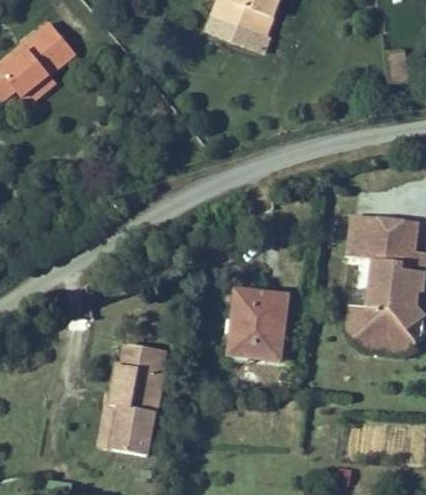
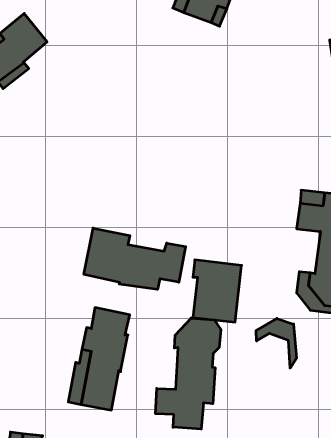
building: none -> [84,228,186,289]
building: none -> [156,318,221,429]
building: none -> [256,318,297,368]

